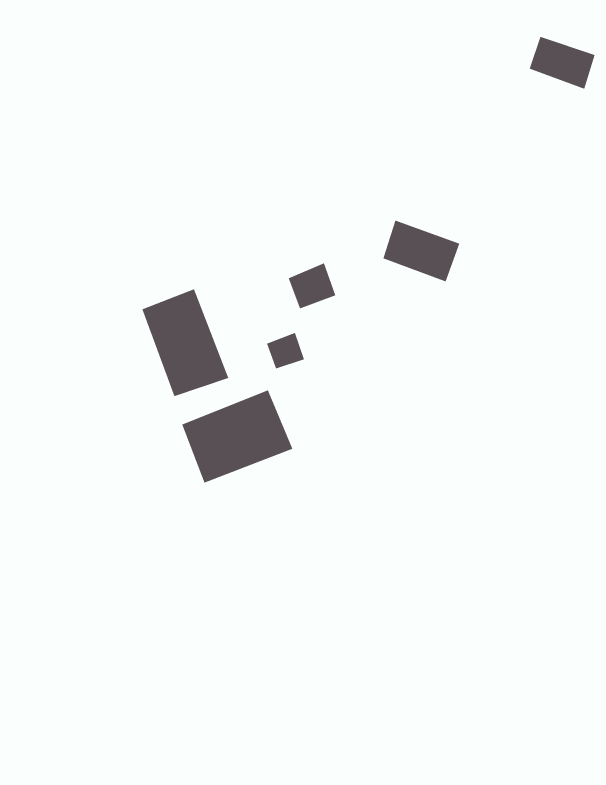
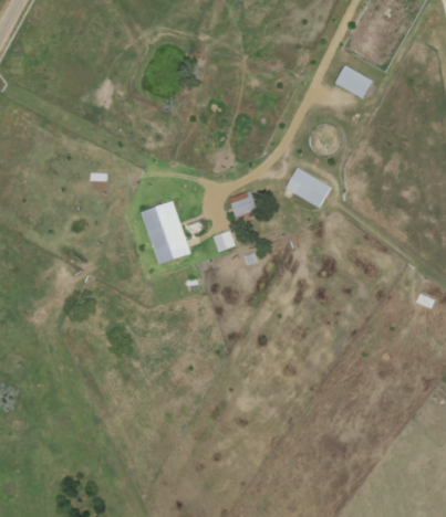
building: [529,36,596,89] -> [333,65,373,98]
building: [182,389,293,483] -> none

